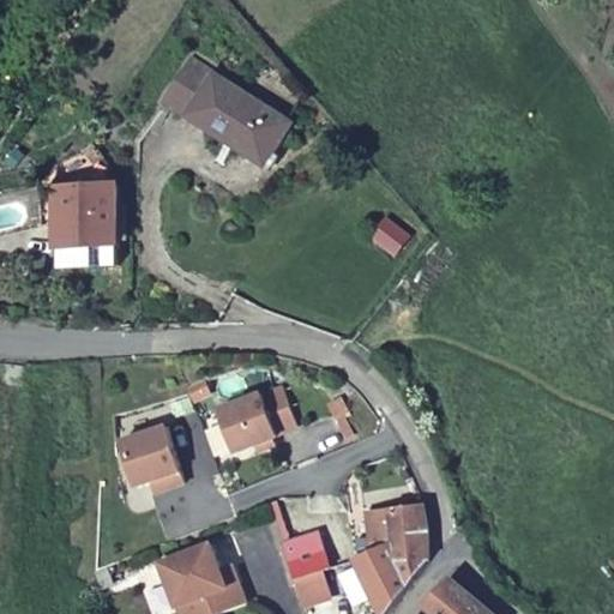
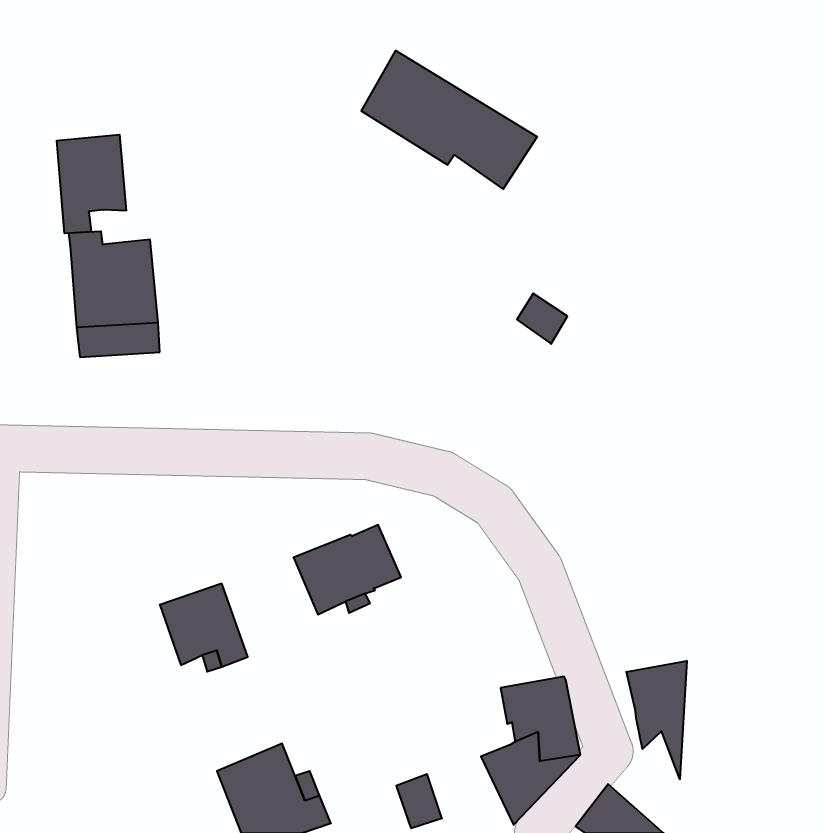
building: [155,53,284,155] -> [361,51,537,189]
building: none -> [57,135,126,233]
building: none -> [626,661,687,779]
building: [281,535,325,578] -> none

